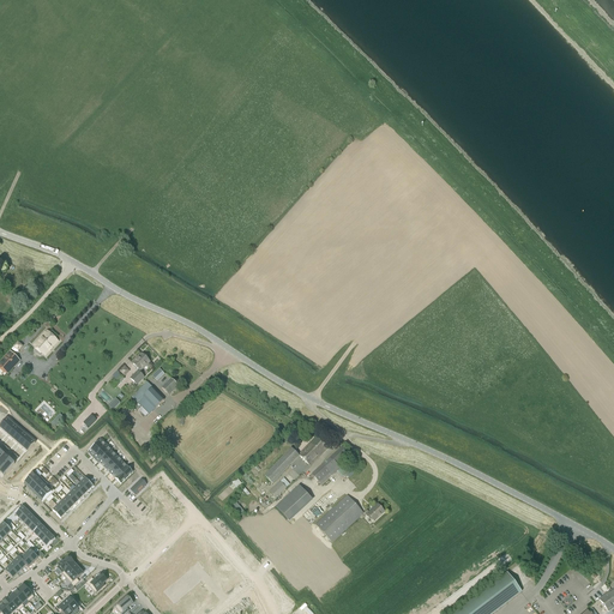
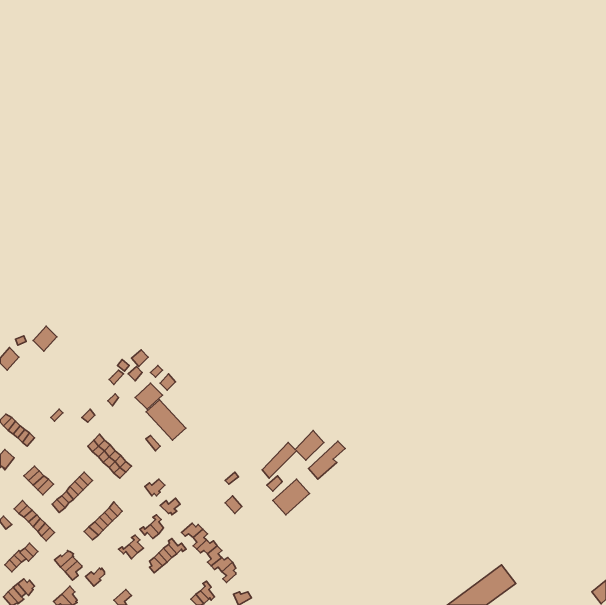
building: none -> [146,400,186,440]
building: [315,495,384,542] -> none

